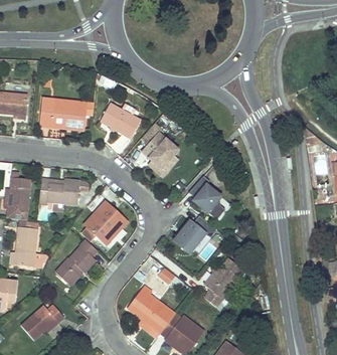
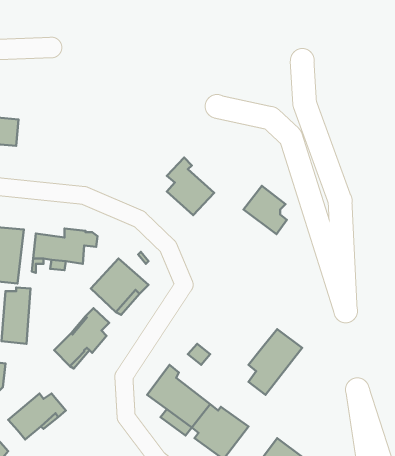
building: [40,98,86,130] -> none
building: [102,104,142,138] -> none
building: [192,183,225,220] -> [244,186,287,234]
building: [173,215,217,255] -> none

